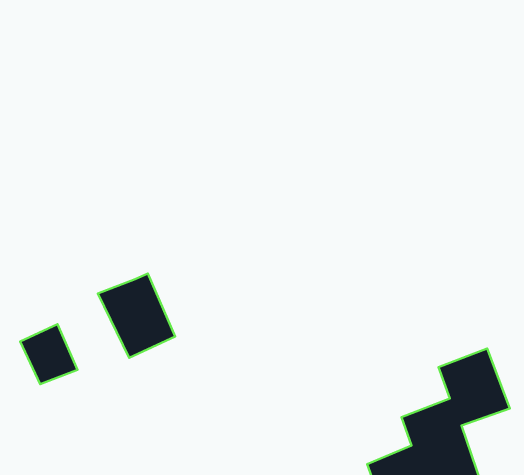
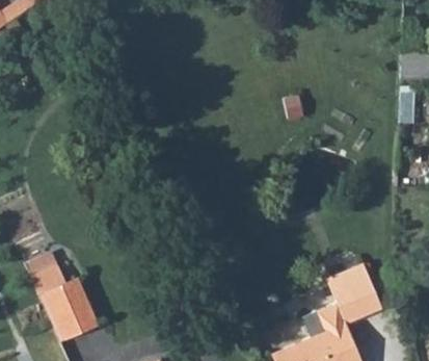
building: [98,274,175,358] -> [39,279,96,340]

